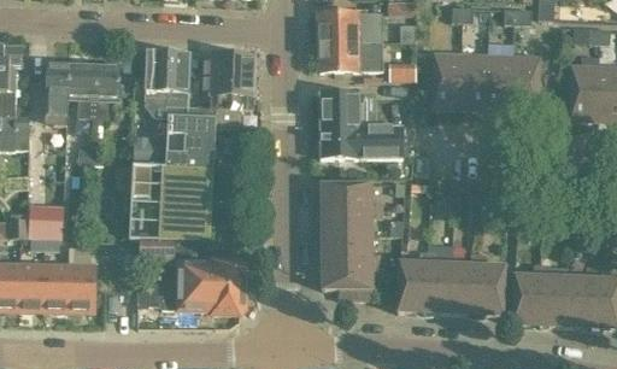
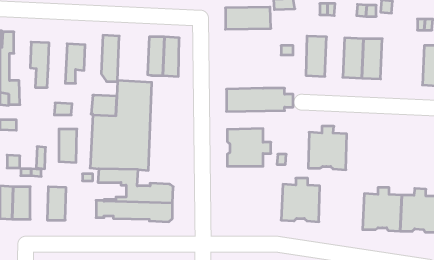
building: [318,41,393,71] -> none
building: [166,52,215,117] -> none
building: [458,53,486,110] -> none
building: [69,62,95,118] -> none
building: [568,64,598,121] -> none
building: [318,92,371,127] -> none
building: [321,235,382,288] -> none
building: [449,254,504,316] -> [308,126,347,170]
building: [43,264,69,311] -> [59,129,77,162]

